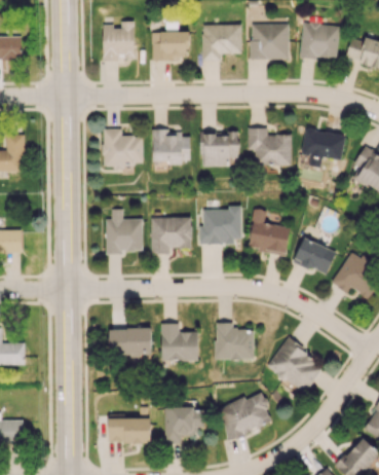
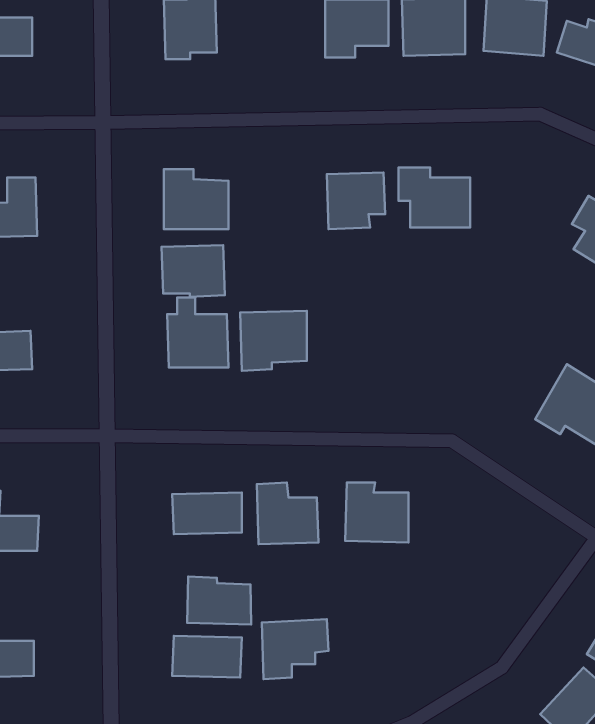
building: [151,31,188,62] -> none
building: [302,129,345,168] -> none
building: [152,132,191,163] -> [161,245,225,297]
building: [198,208,241,244] -> none
building: [247,209,291,254] -> none
building: [293,238,336,276] -> none
building: [267,340,324,394] -> none
building: none -> [187,577,251,624]
building: [219,394,271,437] -> none

